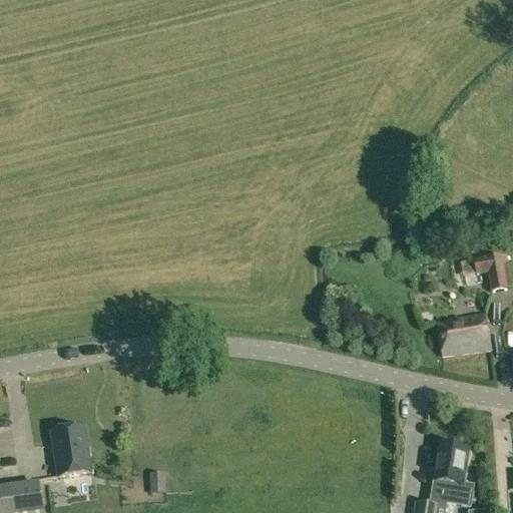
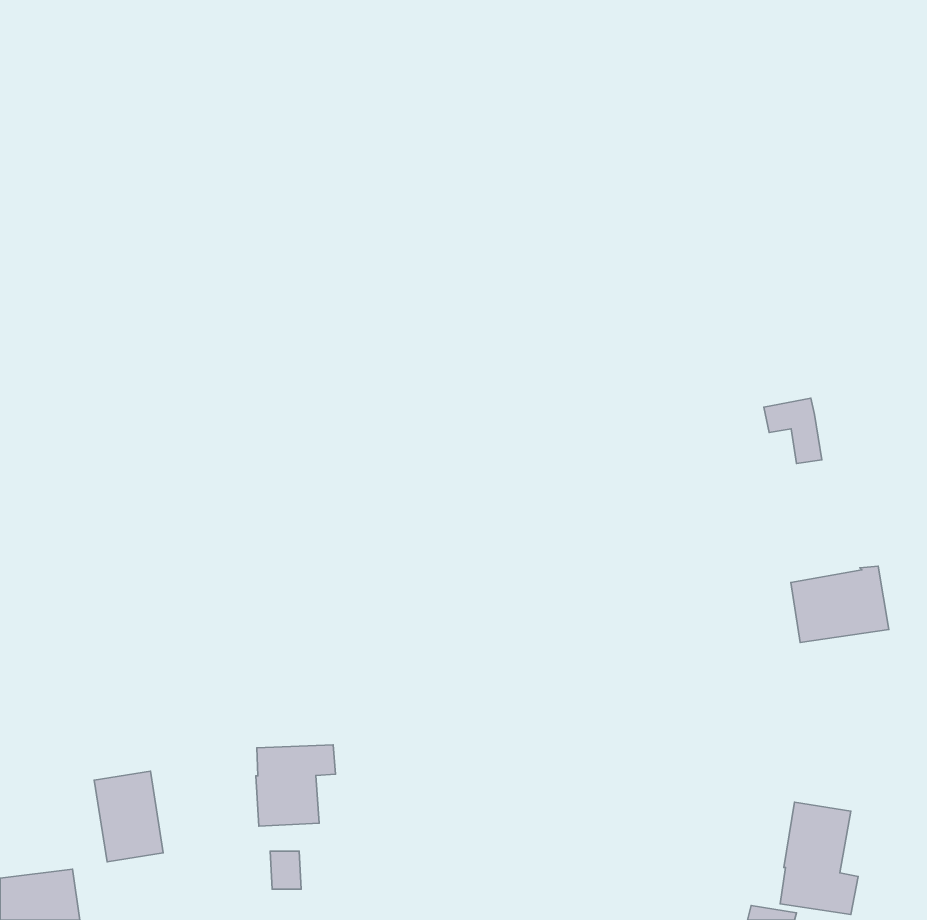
building: [474,253,506,290] -> [764,398,822,463]
building: none -> [256,745,336,826]

